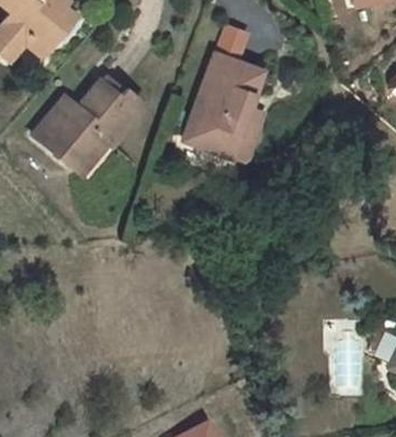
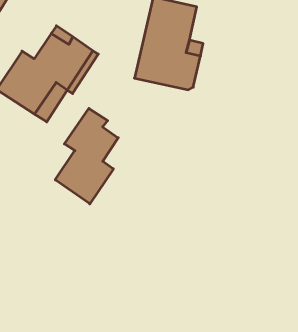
building: none -> [55,108,118,204]

